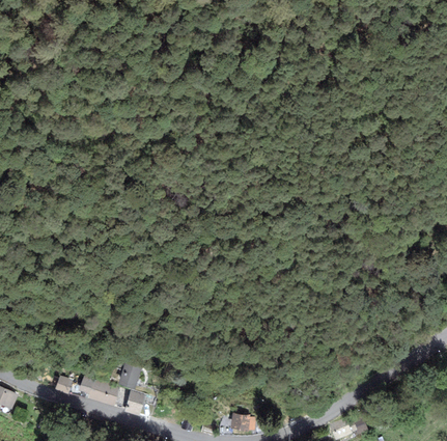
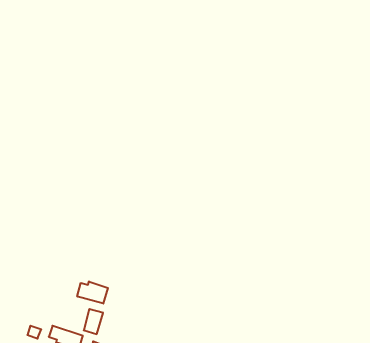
building: none -> [77,281,108,304]

